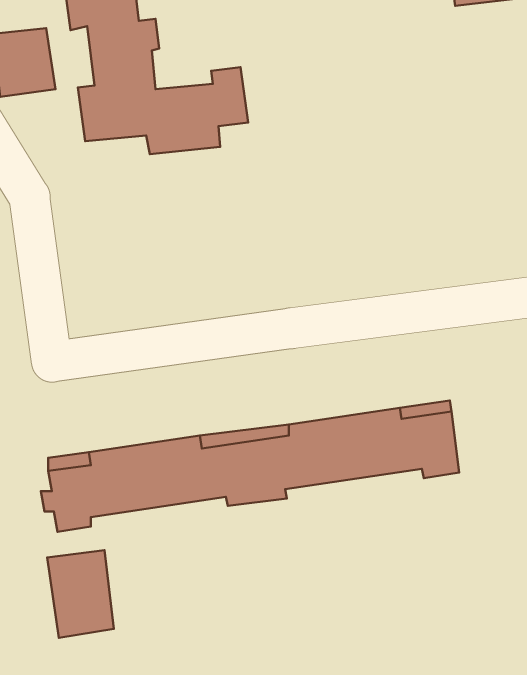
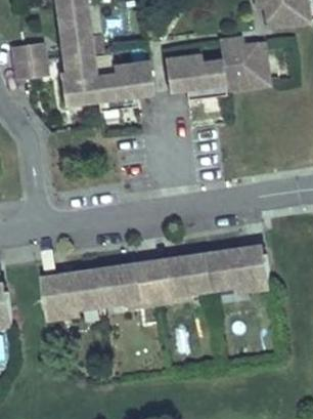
building: none -> [169,31,272,92]
building: [47,550,114,638] -> none

